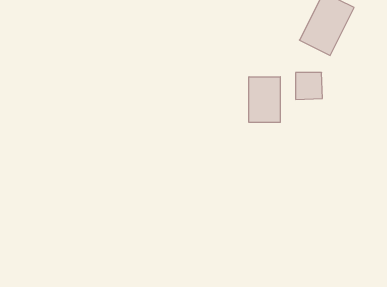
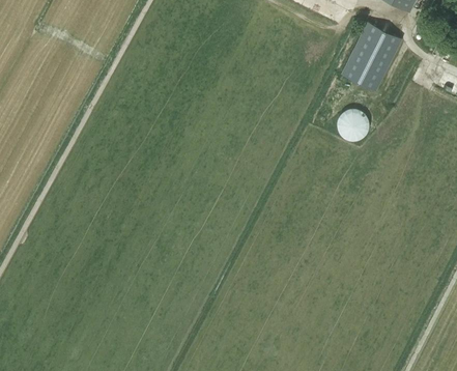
building: [249,77,280,122] -> none

